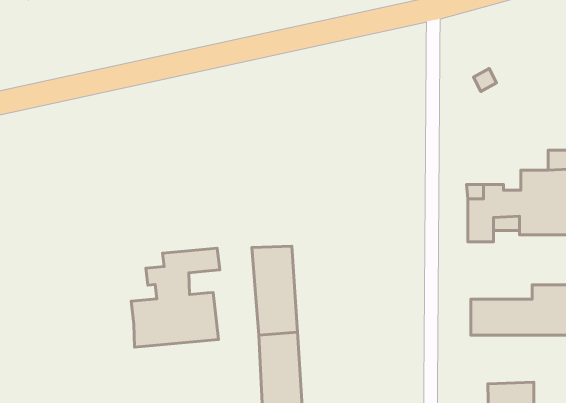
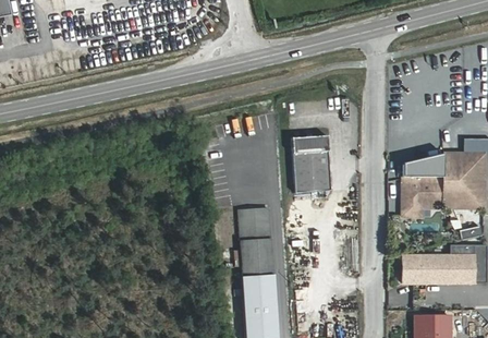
building: none -> [290,136,329,193]
building: [131,248,220,347] -> none

